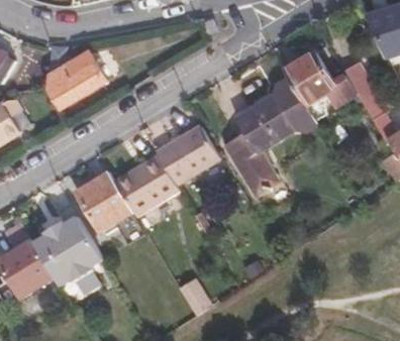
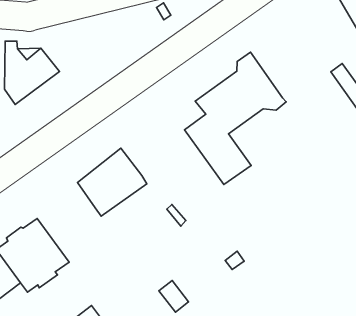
building: [282,48,374,119] -> none
building: [155,124,218,183] -> none
building: [73,170,128,230] -> none

